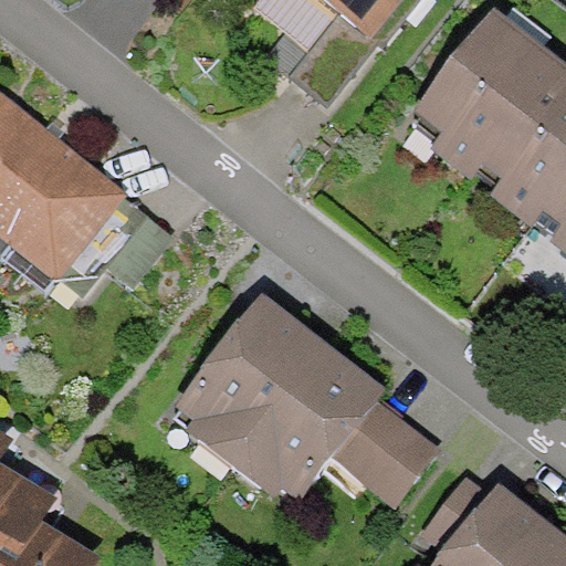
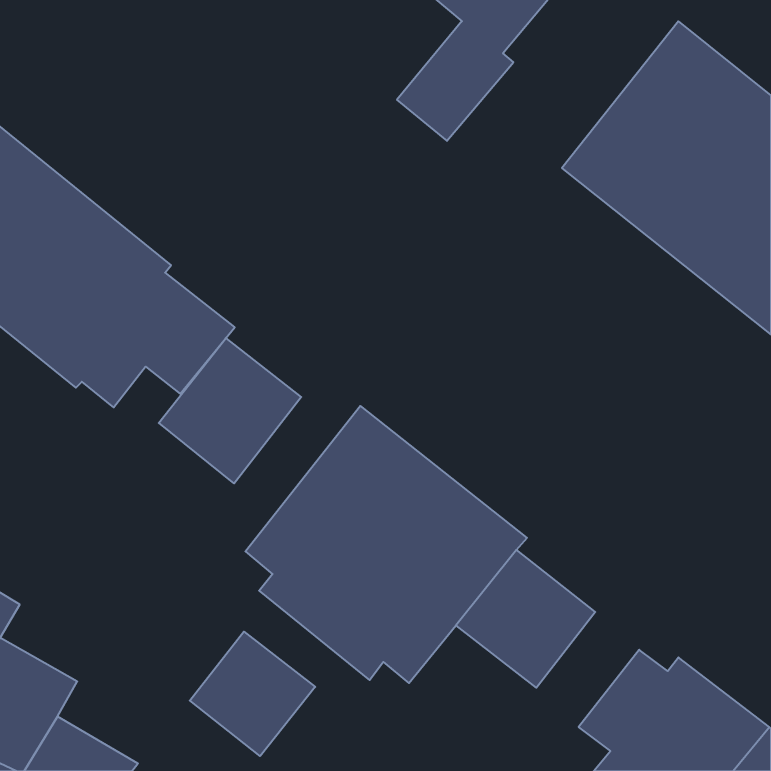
building: none -> [159,338,301,483]
building: none -> [190,632,315,756]

